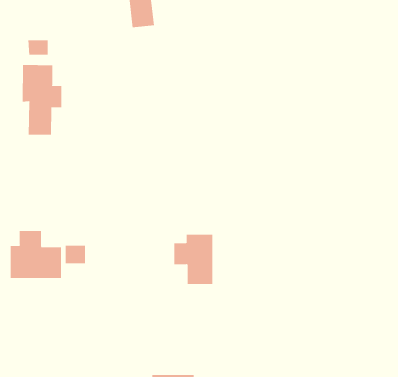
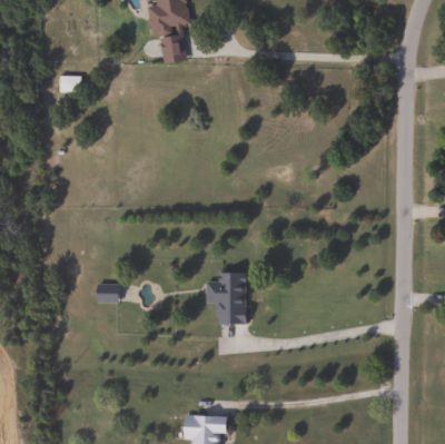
building: [22,64,62,135] -> none
building: [10,230,62,279] -> none

